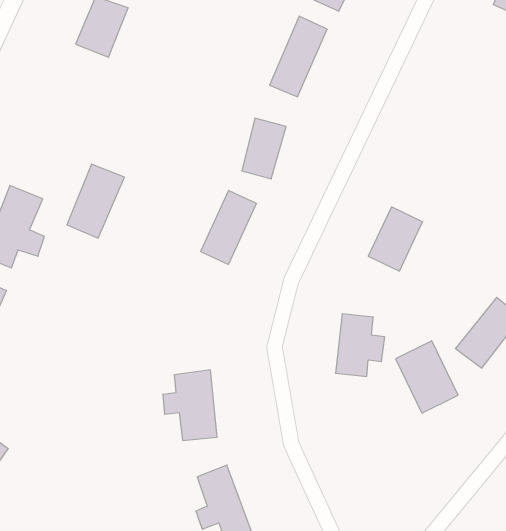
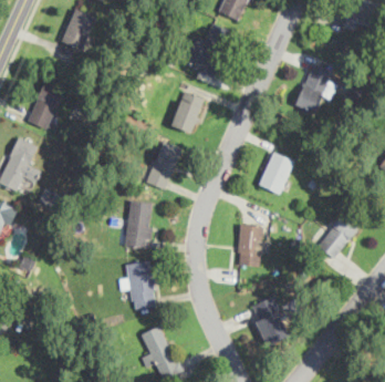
building: none -> [294,64,336,114]
building: [67,164,124,238] -> [28,81,66,131]
building: none -> [124,200,154,250]
building: [396,341,458,413] -> [249,296,291,344]

